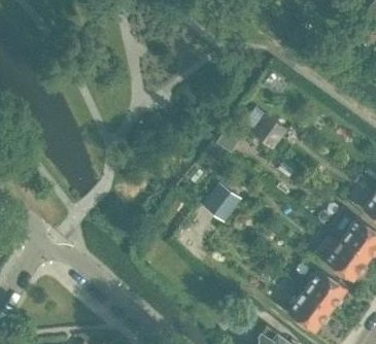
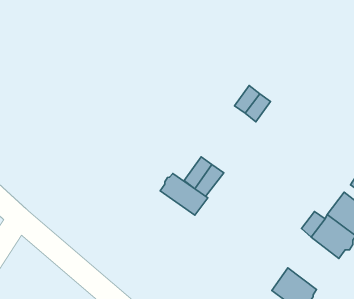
building: none -> [160,174,208,215]
building: [303,269,346,311] -> none

